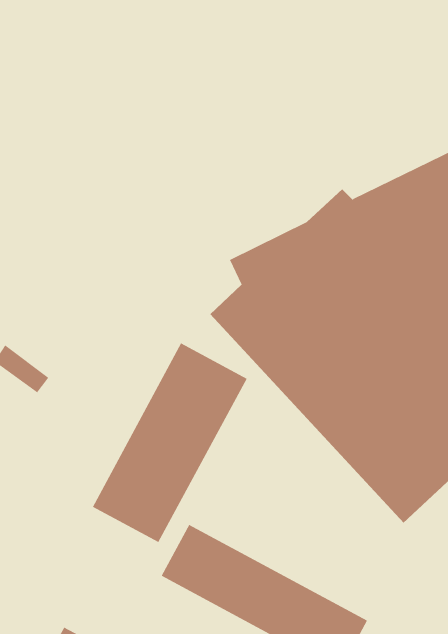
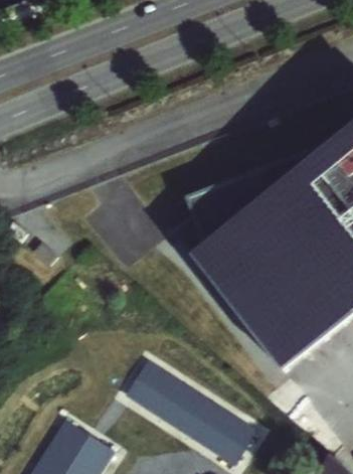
building: [92,343,247,543] -> none

